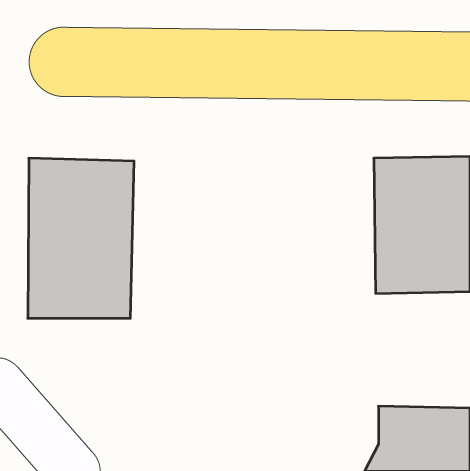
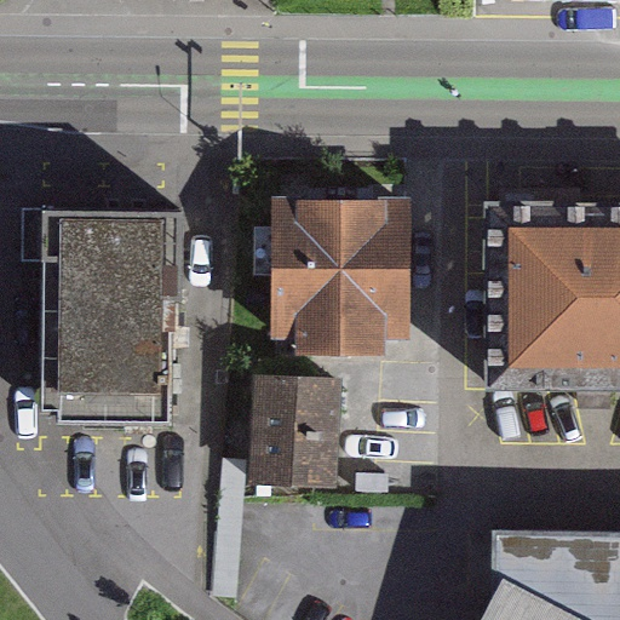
building: none -> [297,209,442,355]
building: none -> [260,384,337,486]

